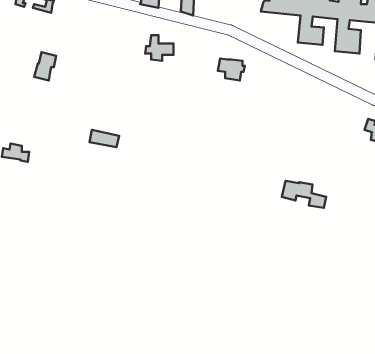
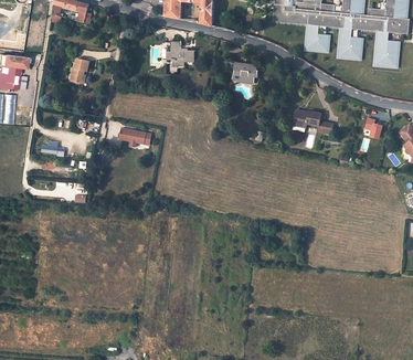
building: [282,181,326,208] -> [293,109,332,134]

